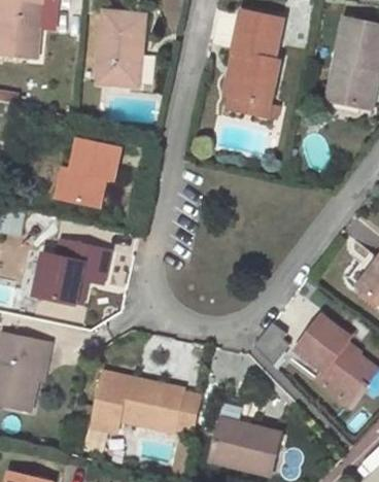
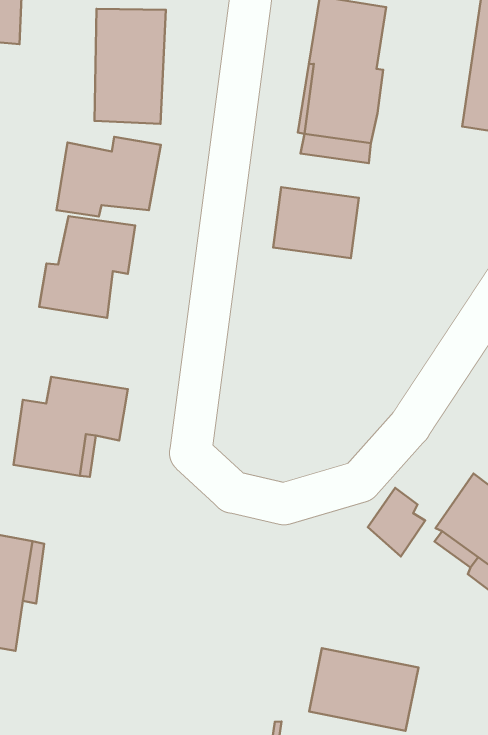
building: none -> [57,137,161,216]
building: none -> [273,187,359,258]
building: [92,372,183,431] -> none

